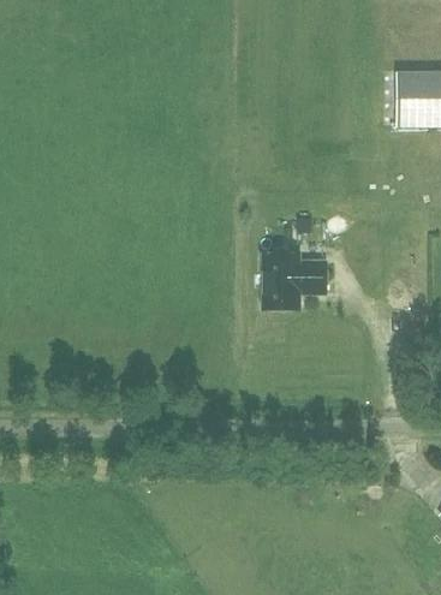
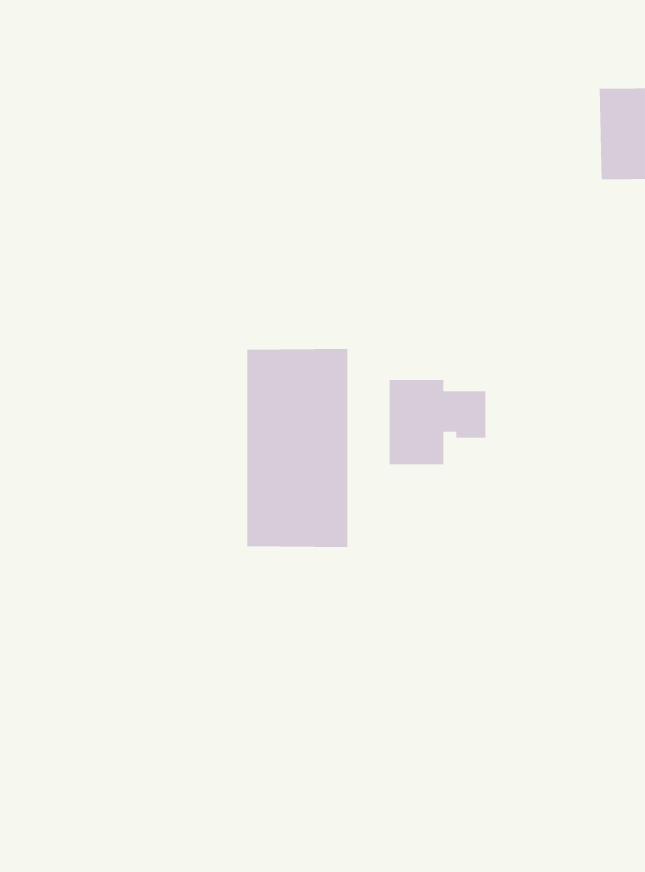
building: none -> [247,348,348,548]

